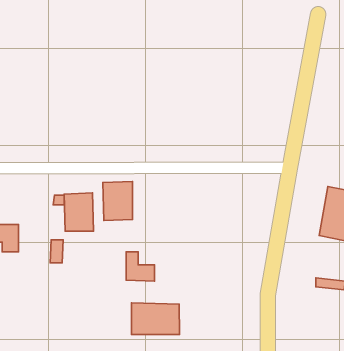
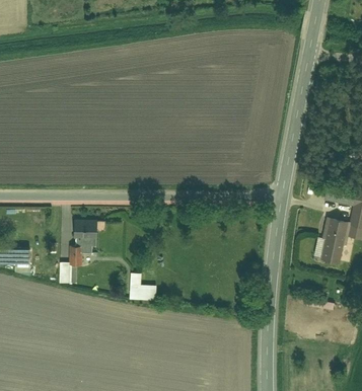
building: [103,182,132,220] -> none
building: [131,303,180,335] -> none

